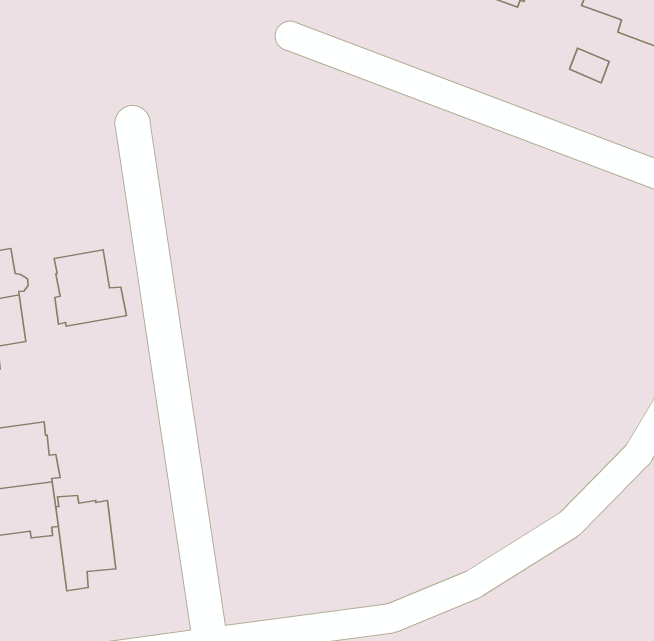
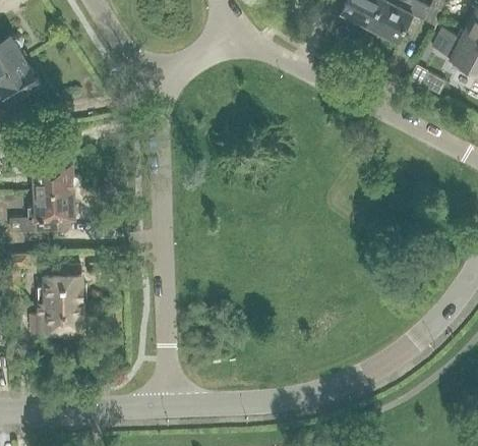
building: [54,250,127,326] -> none
building: [56,496,116,591] -> none

